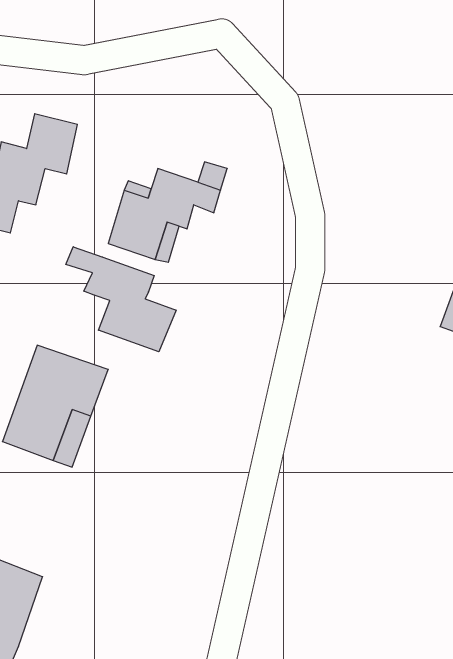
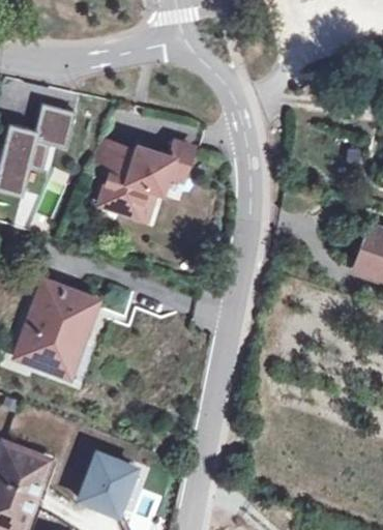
building: [66,247,176,352] -> none
building: none -> [82,454,140,516]

